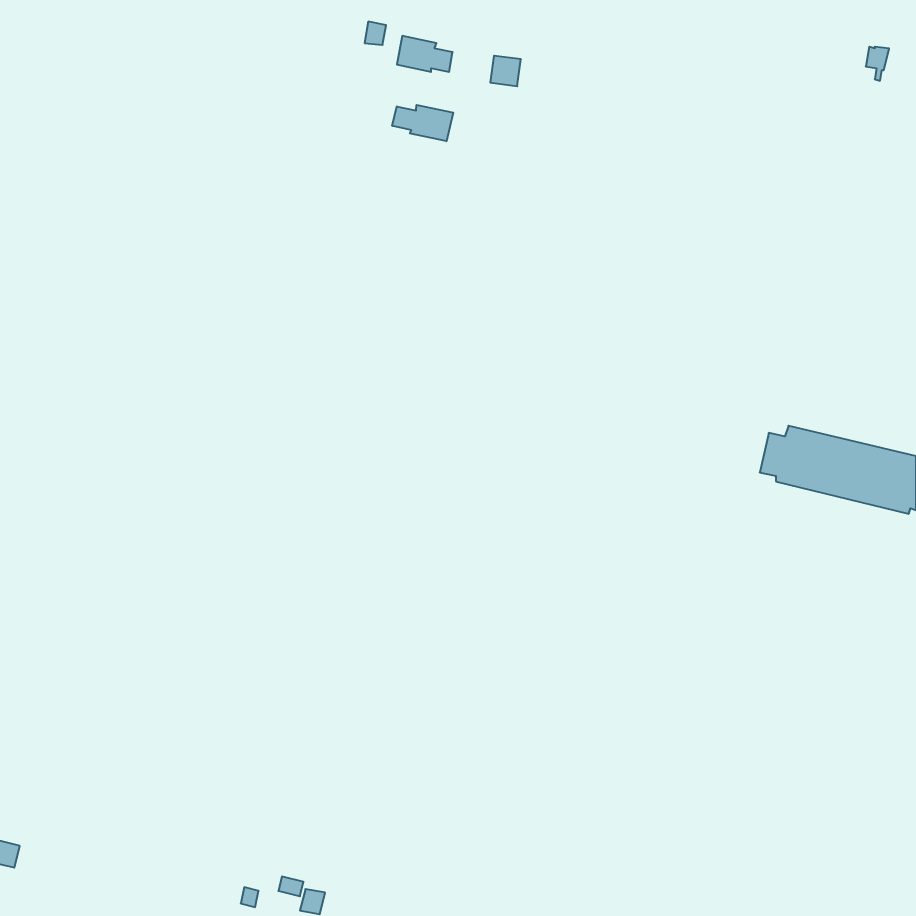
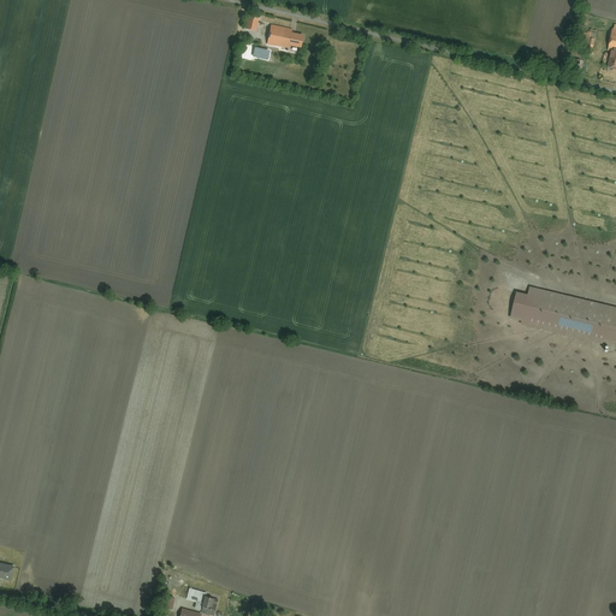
building: [392,105,453,141] -> none

